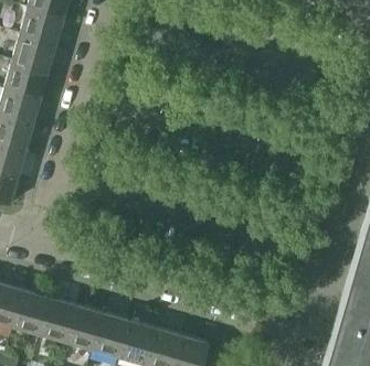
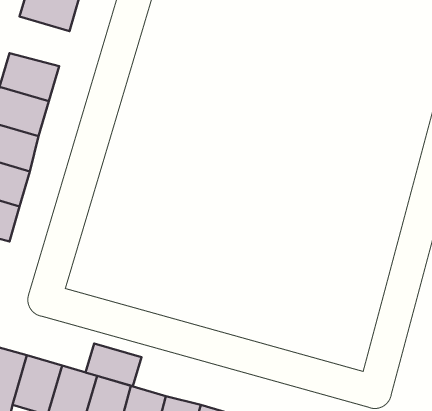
building: [12,35,57,73] -> none
building: none -> [85,343,142,386]

